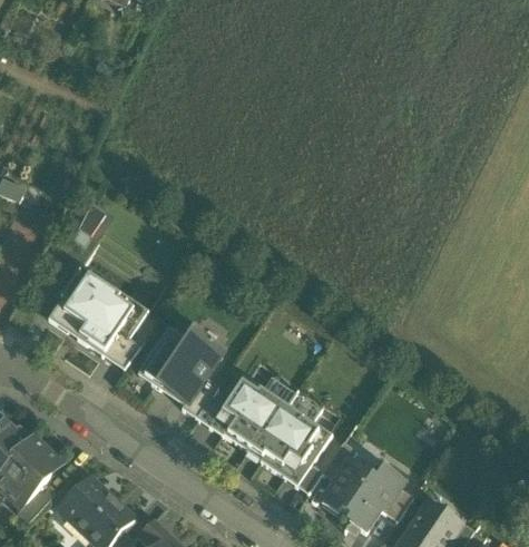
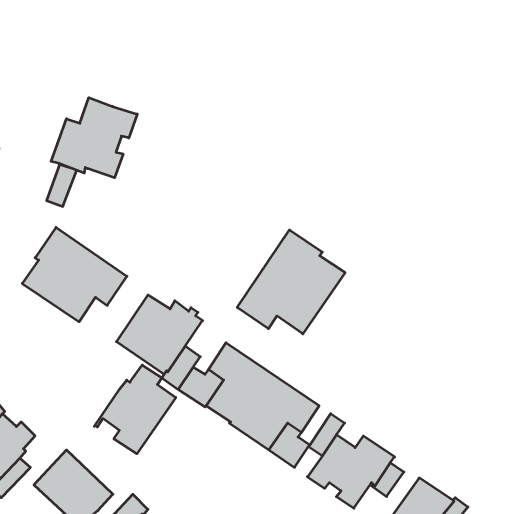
building: none -> [51,98,137,178]
building: none -> [237,230,345,334]
building: [104,330,141,369] -> none
building: none -> [94,365,176,454]

